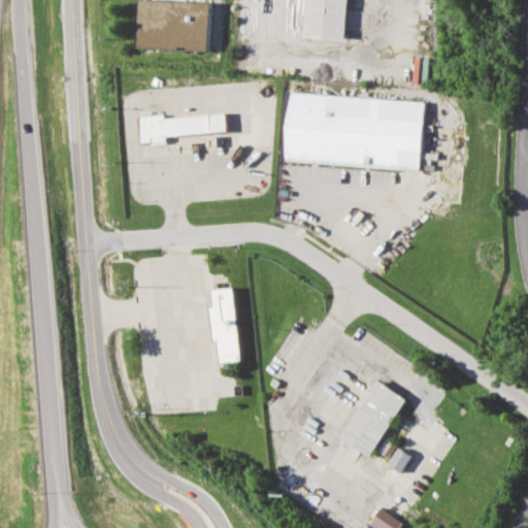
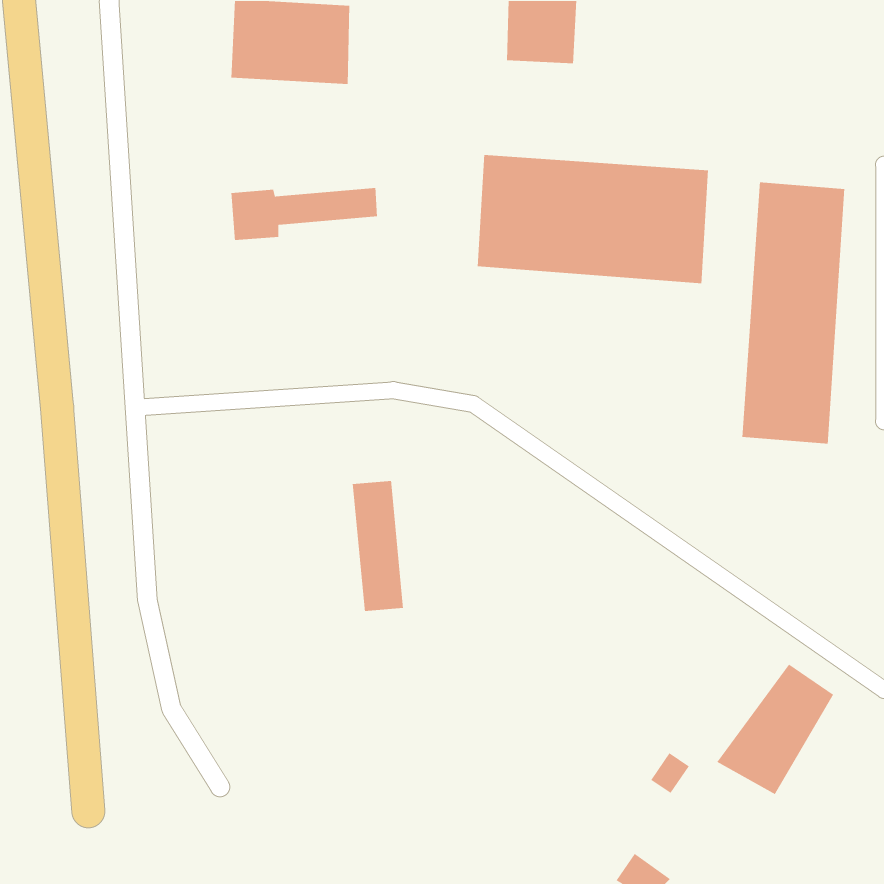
building: none -> [741,182,845,445]
building: [334,380,404,458] -> [716,663,834,795]

